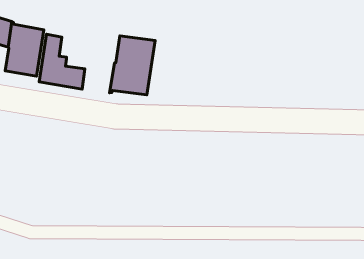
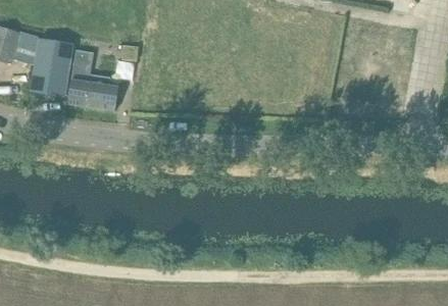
building: [110,36,155,95] -> none

